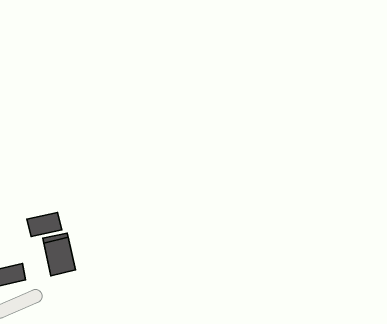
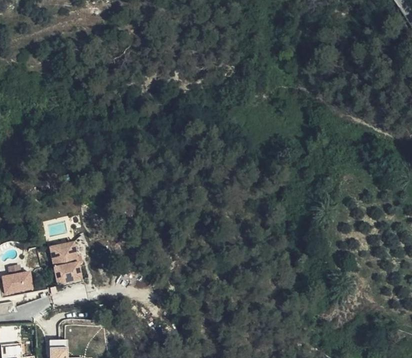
building: [27,212,62,237] -> none

